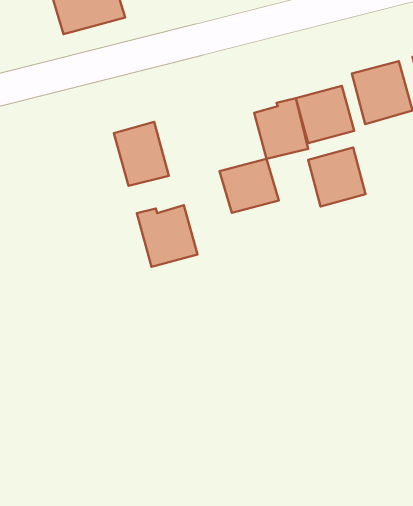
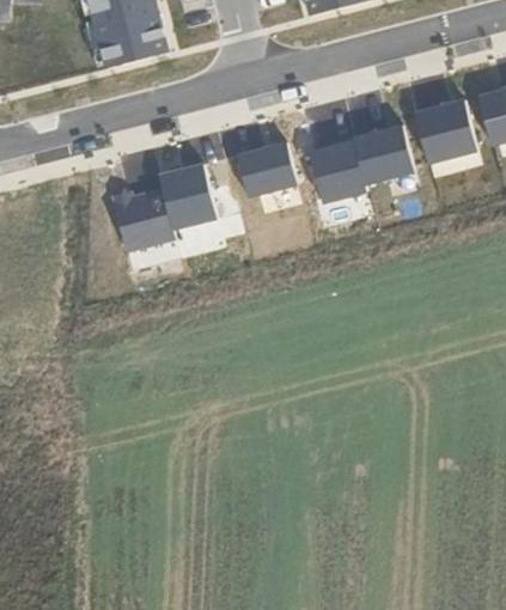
building: [308,148,365,206] -> none
building: [219,159,279,213] -> [234,141,298,199]
building: [137,205,197,267] -> [110,187,175,252]

